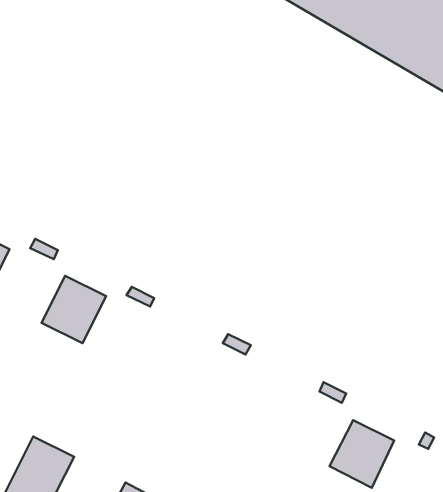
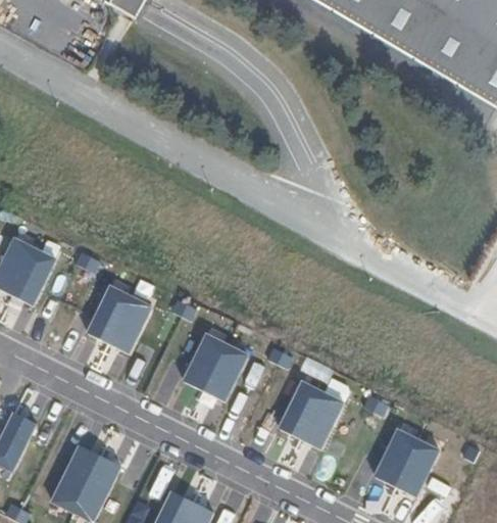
building: none -> [183,332,247,399]
building: none -> [279,380,343,447]

